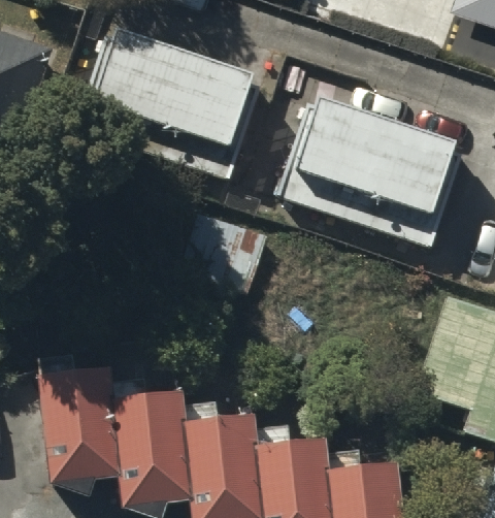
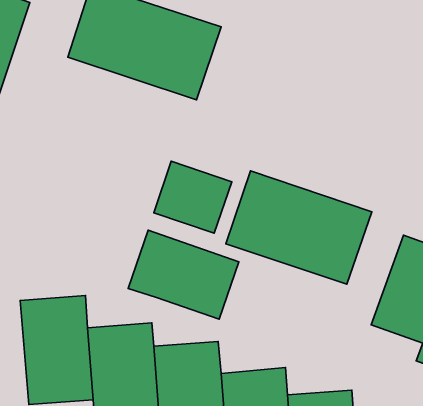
building: [293,101,455,223] -> none
building: none -> [226,171,372,284]
building: none -> [128,230,239,319]

